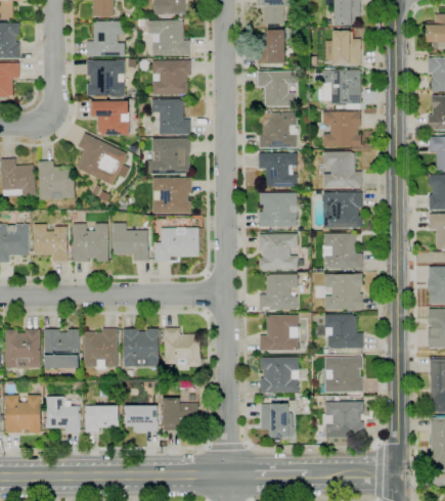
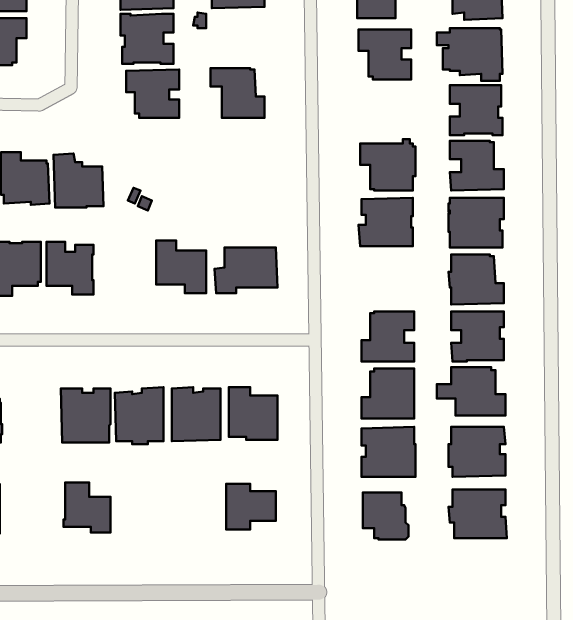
building: [152,60,191,94] -> none
building: [259,112,297,148] -> none
building: [76,133,131,185] -> none
building: [148,138,190,174] -> none
building: [152,178,191,213] -> none
building: [74,224,108,262] -> none
building: [259,234,297,269] -> none
building: [5,329,40,368] -> none
building: [5,395,41,434] -> none
building: [85,406,119,432] -> none
building: [125,406,158,431] -> none

